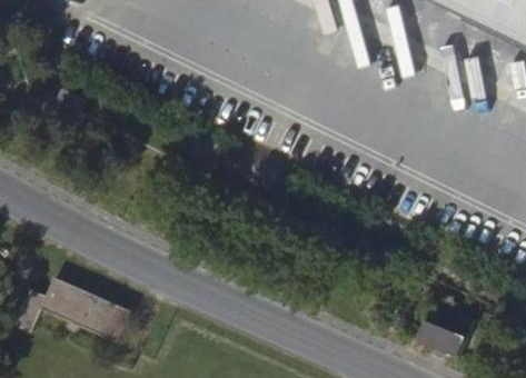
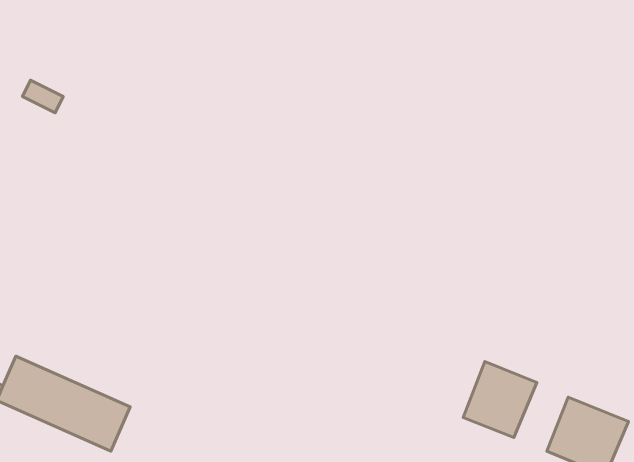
building: none -> [463,361,537,437]

